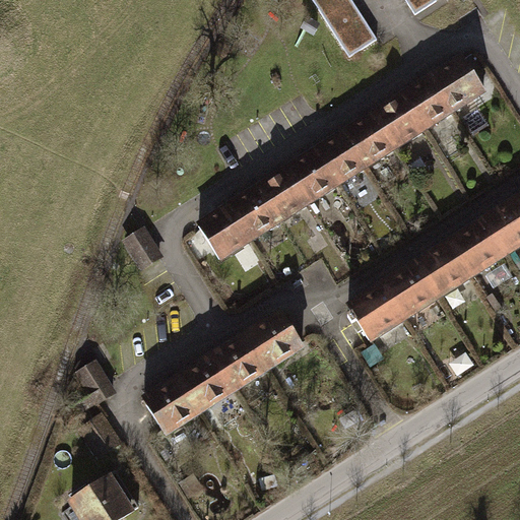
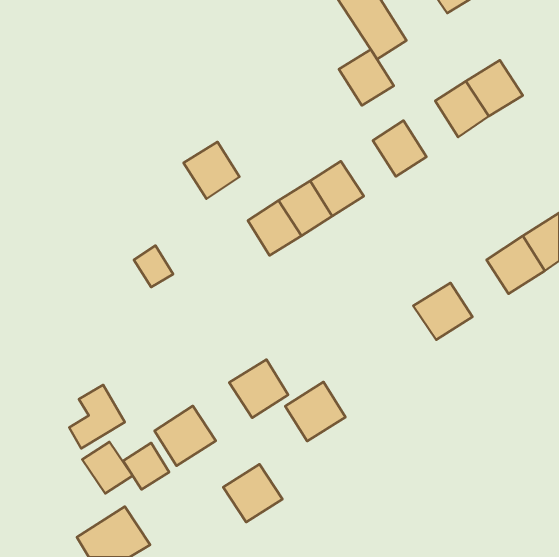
building: [374,93,425,145] -> [339,50,394,105]
building: [316,130,367,182] -> none
building: [198,204,250,257] -> [183,142,239,199]
building: [417,241,471,294] -> none
building: [348,283,404,337] -> none
building: [247,311,303,366] -> [285,382,346,441]
building: [179,354,234,408] -> [223,464,282,522]
building: none -> [123,443,169,490]

